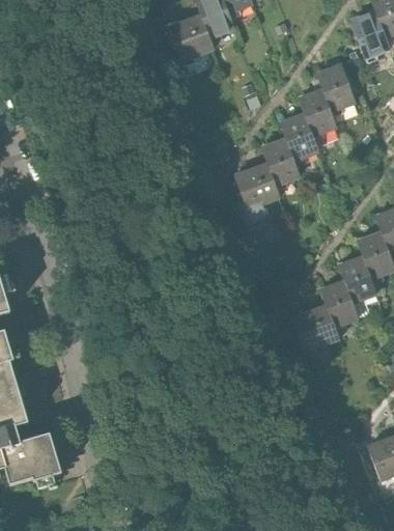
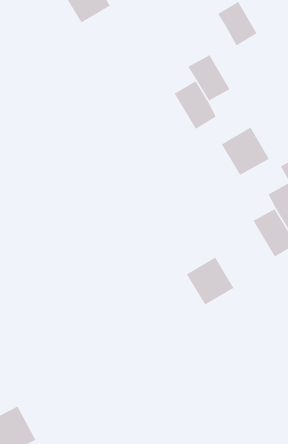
building: [299,87,340,139] -> none
building: [234,163,281,211] -> [221,127,270,176]
building: [291,306,338,354] -> [186,256,234,306]

